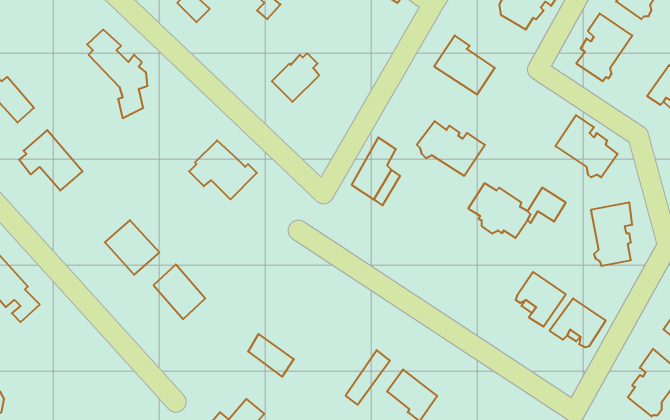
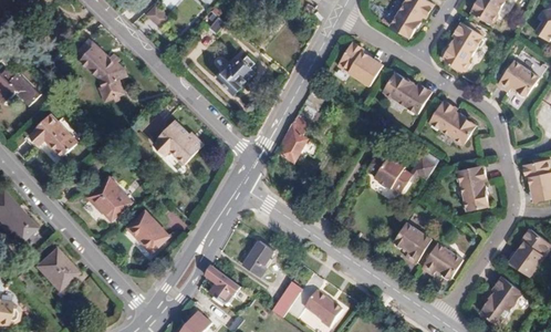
building: [417,121,485,176] -> [381,73,432,114]
building: none -> [238,245,268,279]
building: none -> [31,247,74,291]

